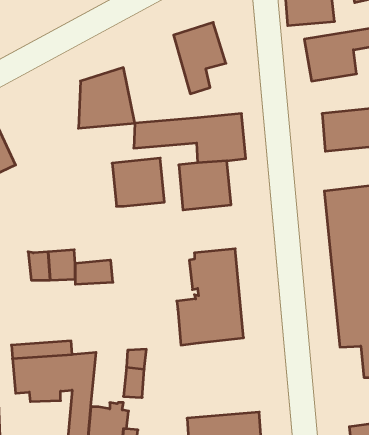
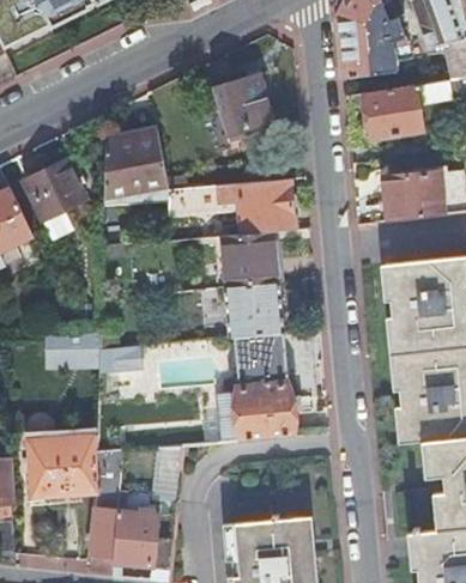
building: none -> [22,160,84,220]
building: [112,158,164,206] -> [223,281,283,336]

